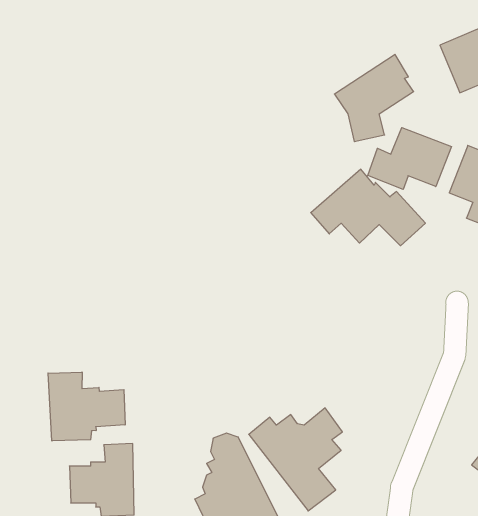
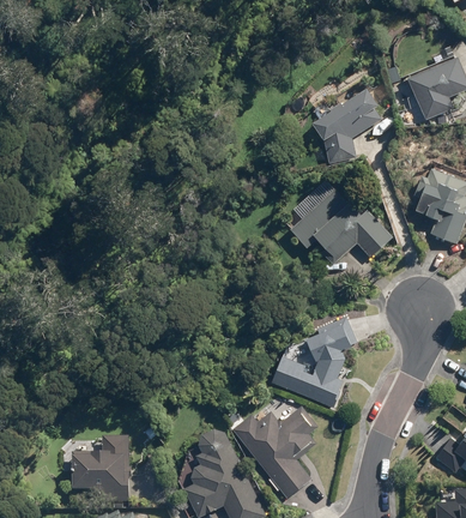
building: [368,128,452,189] -> none
building: none -> [270,321,351,406]
building: [48,372,125,441] -> none

